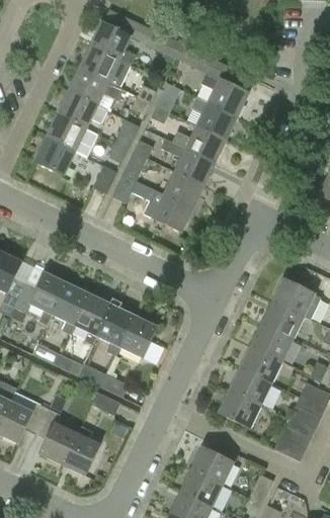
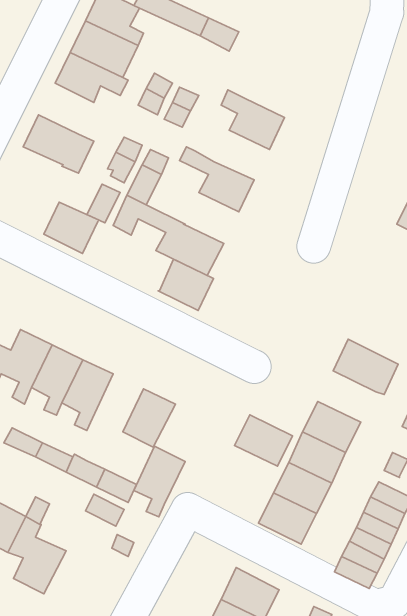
building: [200,72,248,116] -> none
building: [57,91,106,128] -> none
building: [171,125,226,162] -> none
building: [34,138,75,175] -> [44,202,99,253]
building: [163,171,203,208] -> [158,259,214,310]
building: [261,301,304,339] -> [234,415,293,466]
building: [96,304,134,355] -> [134,446,185,517]
building: [61,426,99,476] -> none

